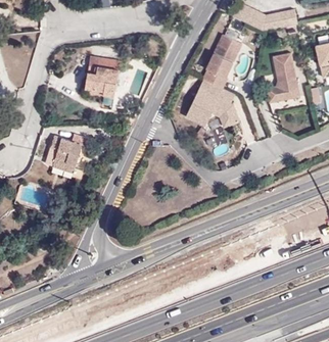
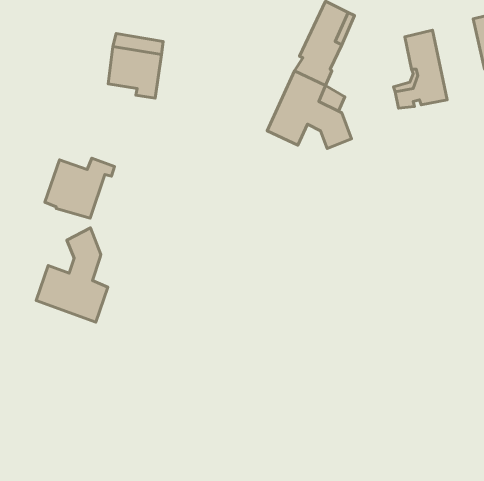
building: none -> [36,228,108,322]

